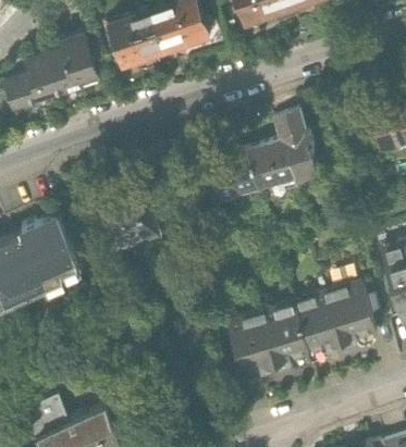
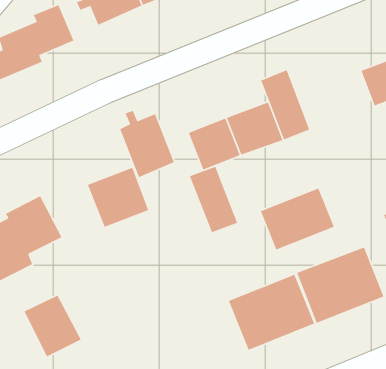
building: none -> [119,110,175,178]
building: none -> [189,166,238,233]
building: none -> [260,187,335,251]
building: none -> [23,294,82,357]

